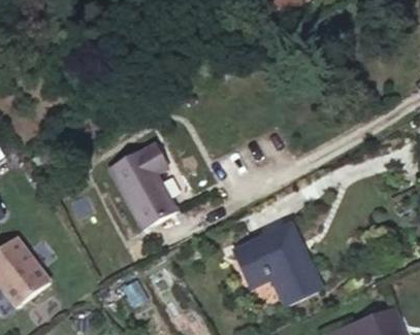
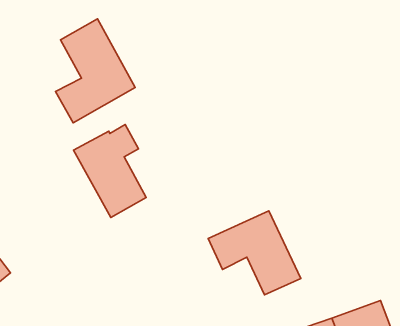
building: none -> [56,19,135,123]

